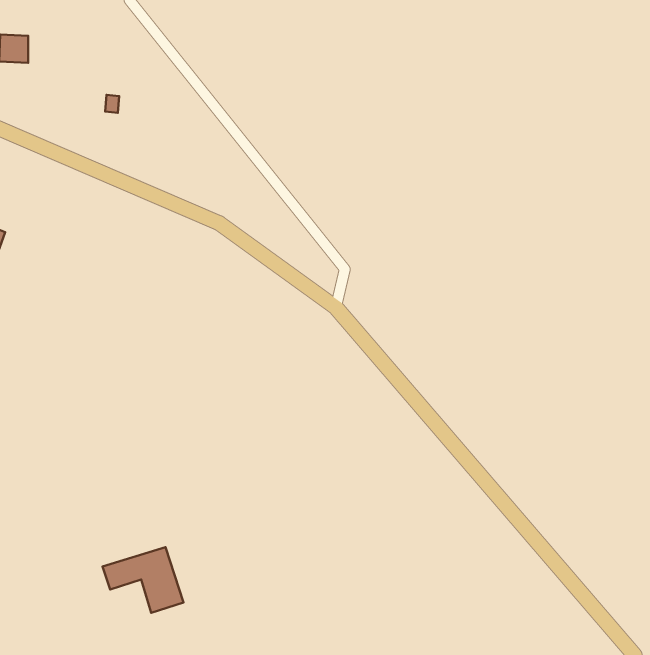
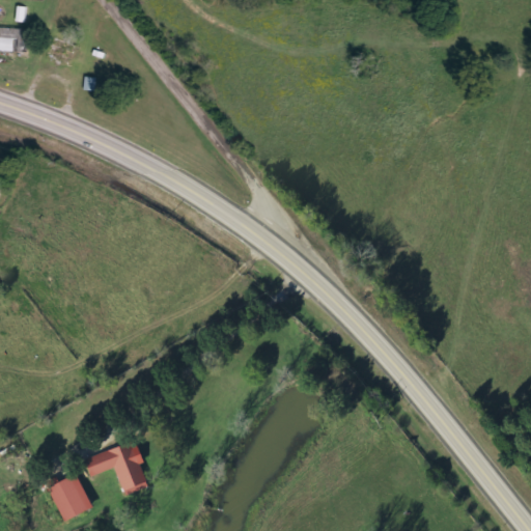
building: none -> [46,475,91,523]

